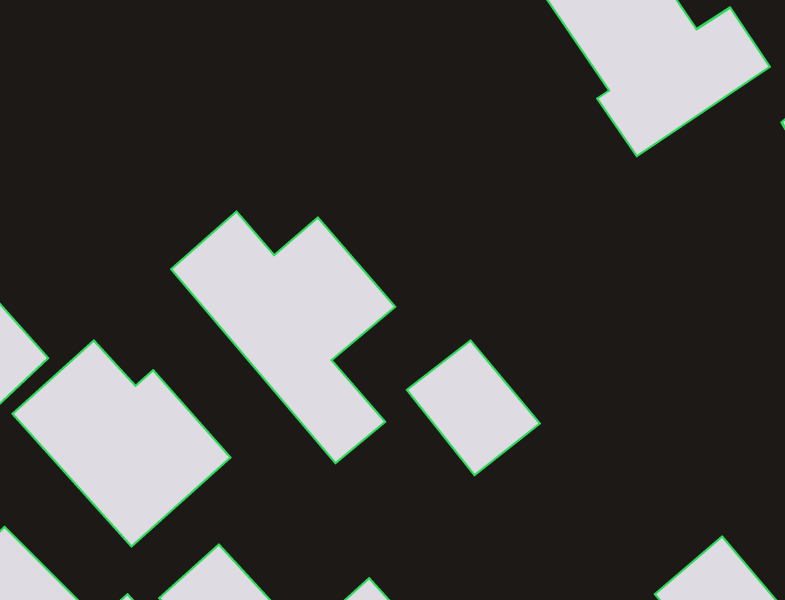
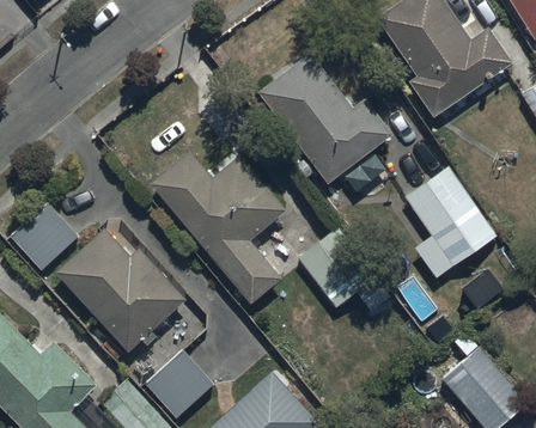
building: none -> [256,54,392,192]
building: none -> [402,167,495,280]

